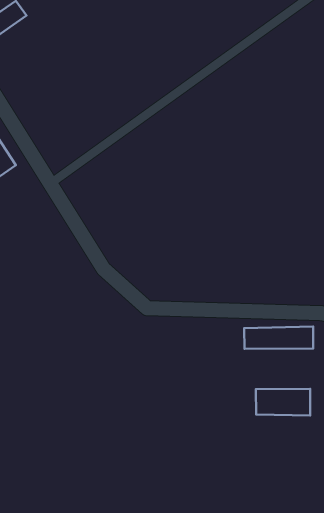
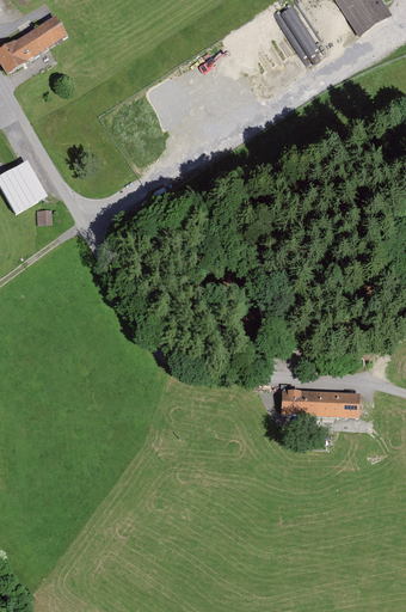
building: [256,389,310,416] -> none

